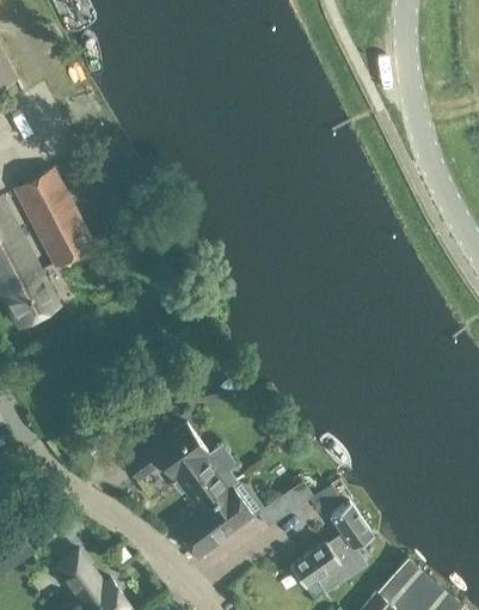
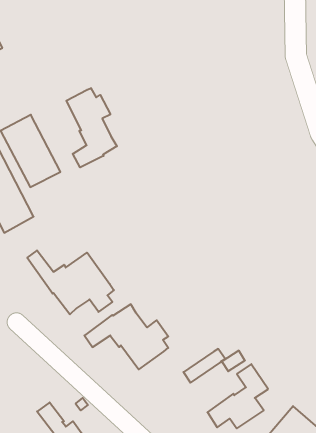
building: none -> [66,88,117,167]
building: none -> [27,250,114,314]
building: [176,487,256,561] -> none

